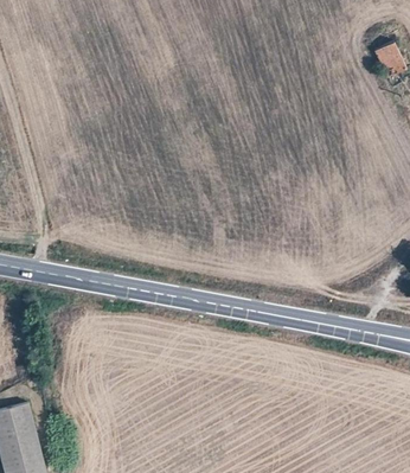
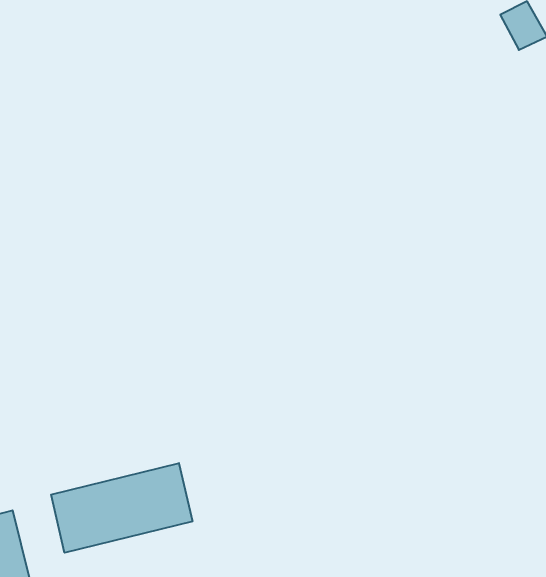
building: none -> [51,463,192,553]

